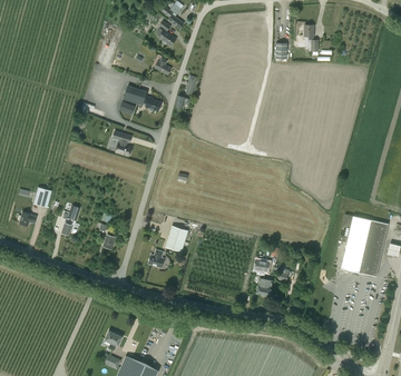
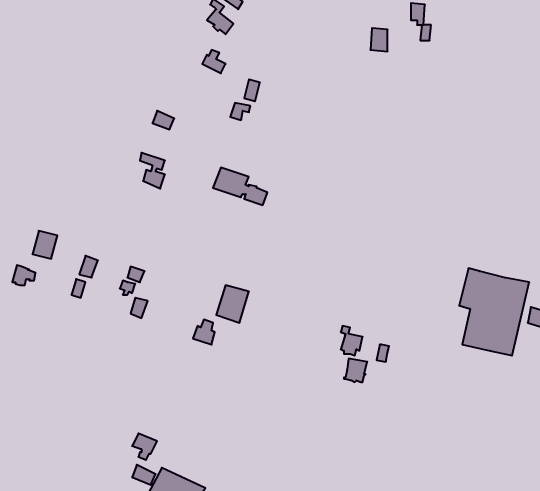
building: [123,85,162,111] -> [213,168,267,205]

